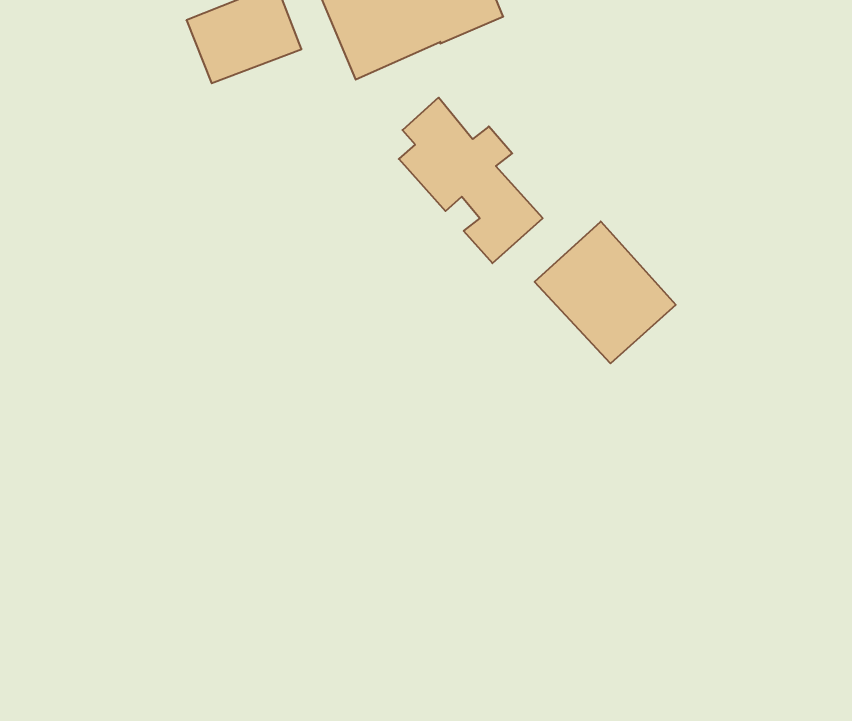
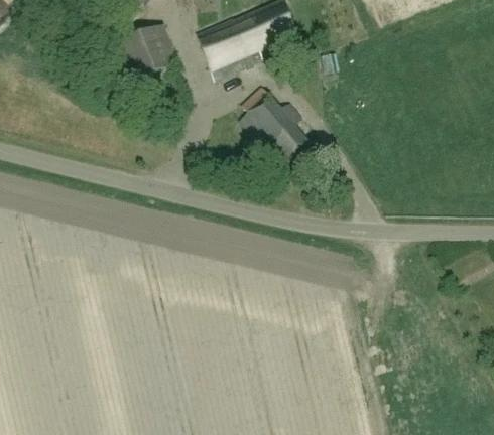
building: [535,221,676,363] -> none

